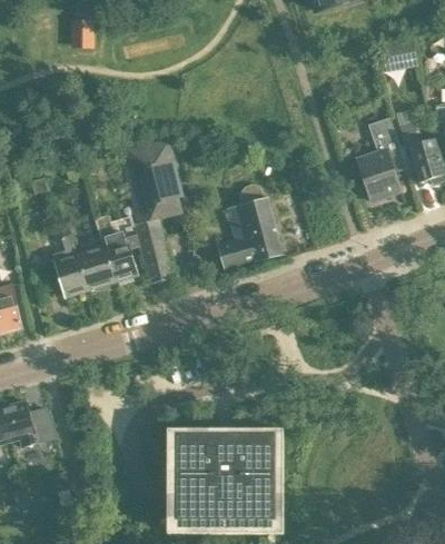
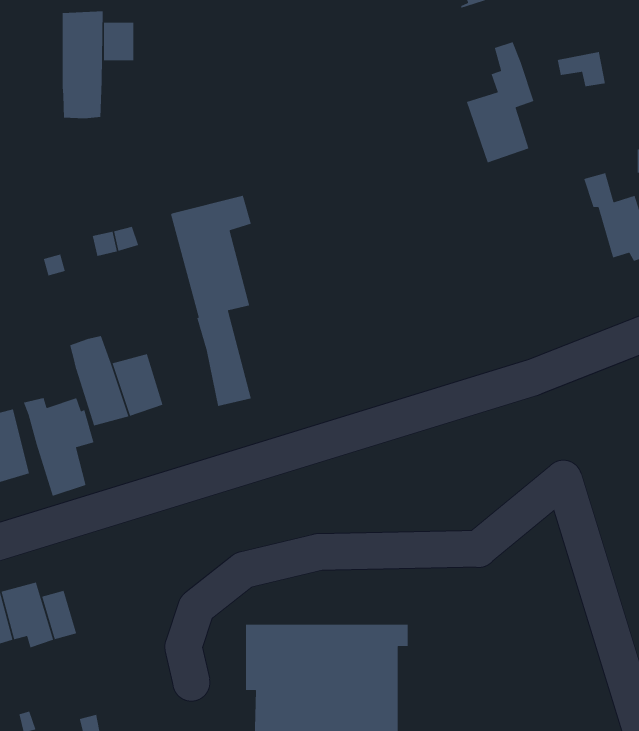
building: none -> [62,11,103,119]
building: [357,117,404,200] -> [466,41,535,163]
building: [218,185,283,269] -> none
building: [93,214,142,281] -> [23,397,95,497]

